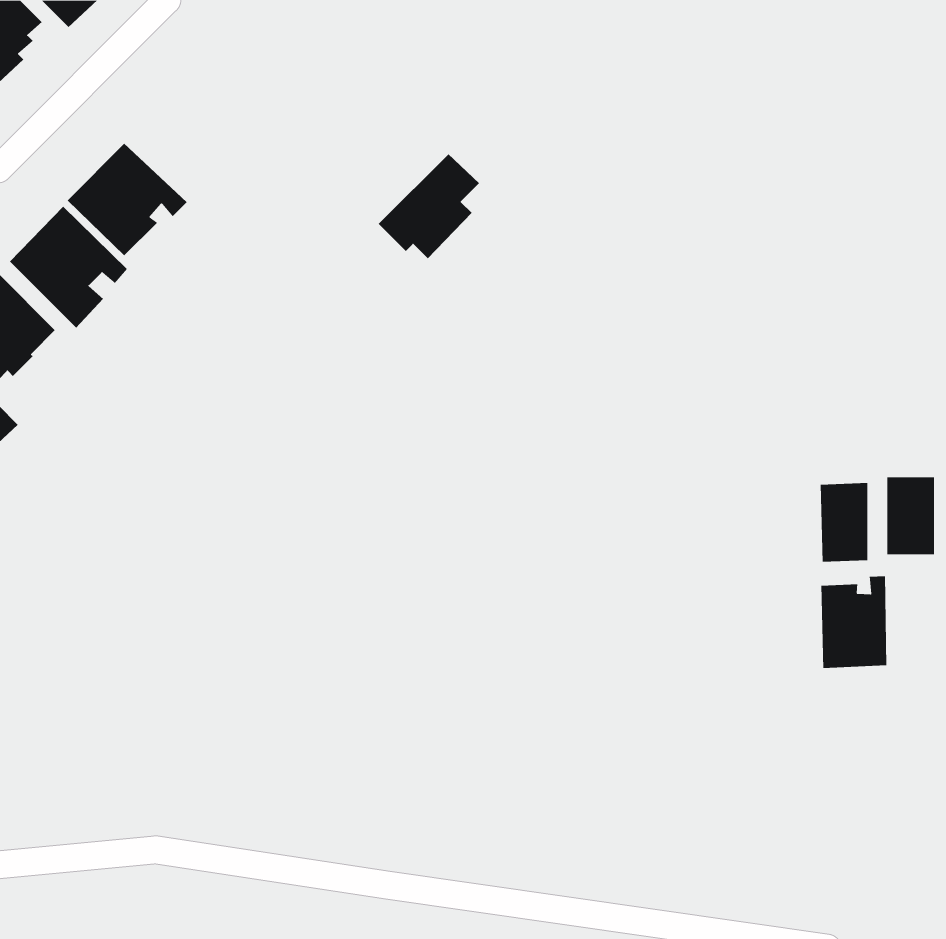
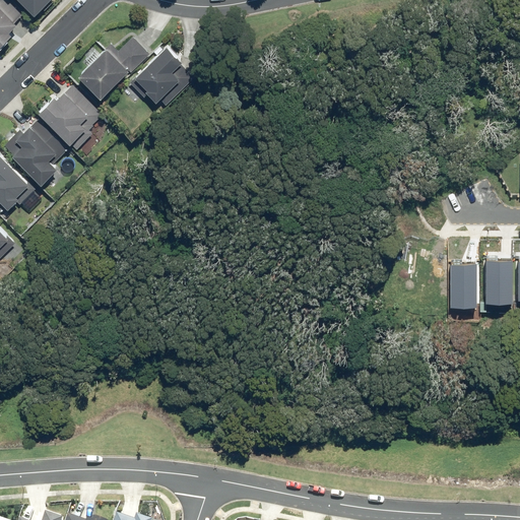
building: none -> [76,37,149,99]
building: [378,153,480,259] -> [128,46,184,104]
building: [821,575,887,669] -> none

